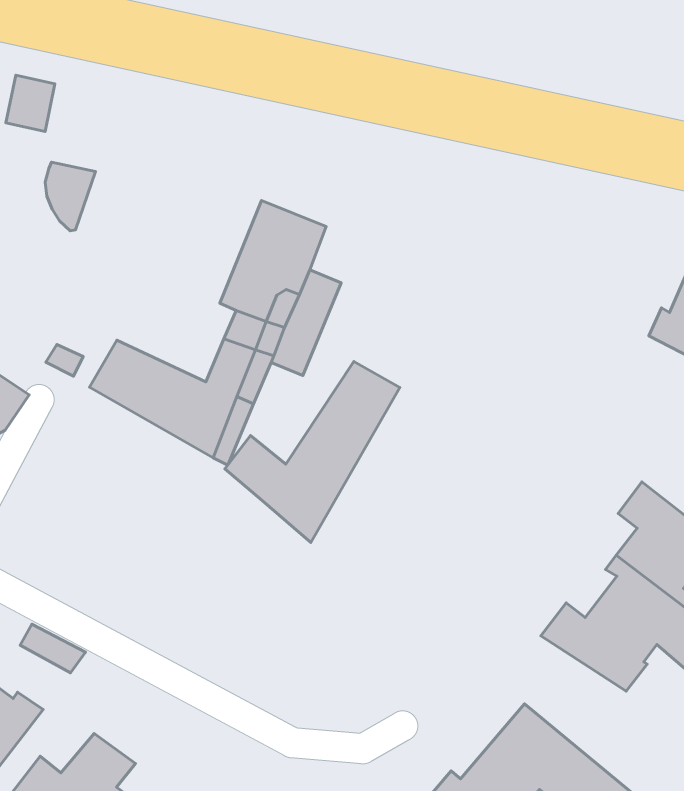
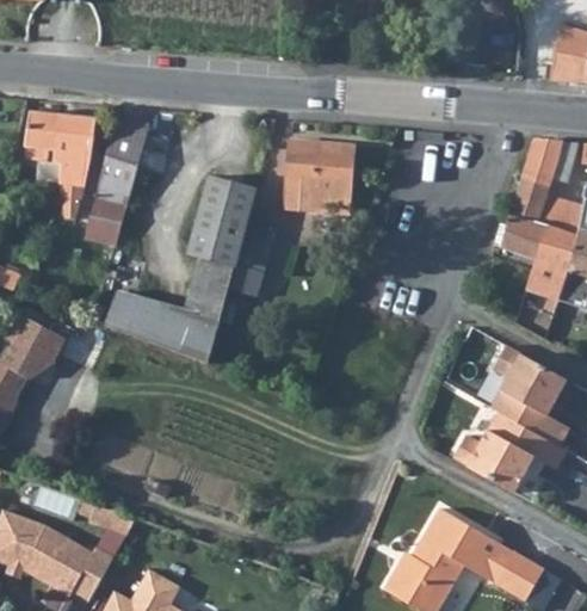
building: none -> [57,122,98,178]
building: none -> [89,128,152,248]
building: none -> [284,149,357,222]
building: [225,361,400,543] -> none

